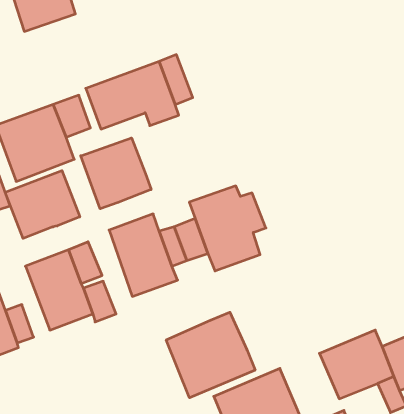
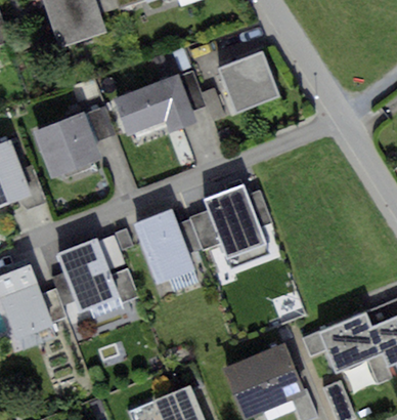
building: none -> [216,49,282,113]
building: [81,138,151,209] -> none
building: [5,171,80,238] -> none
building: [166,312,255,398] -> none

